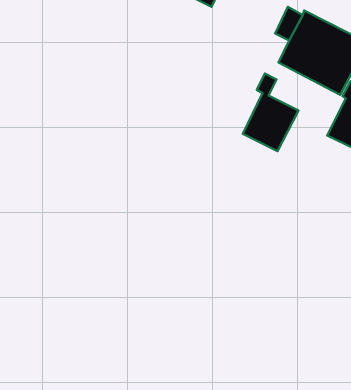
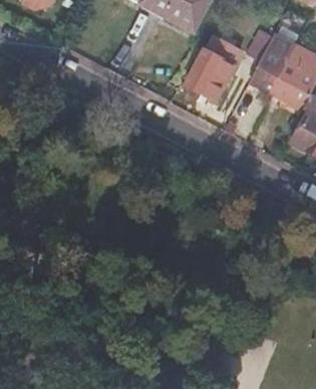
building: [243,74,298,151] -> [186,32,234,100]

